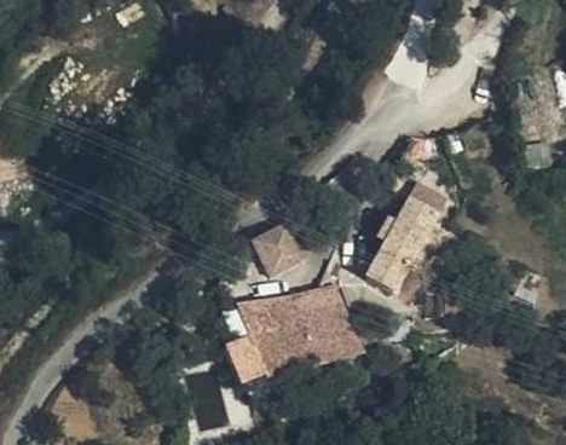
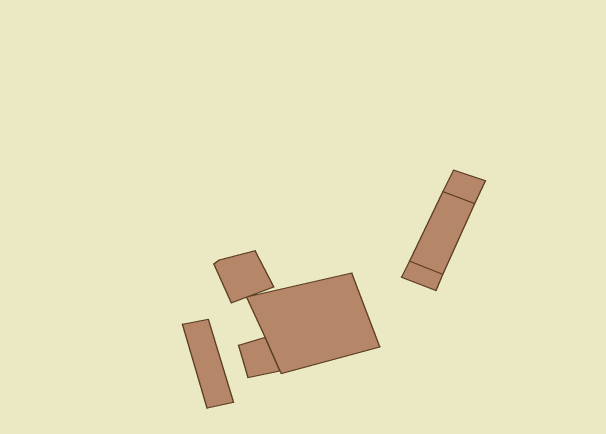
building: [246,226,300,273] -> [214,251,274,303]
building: none -> [183,319,234,408]

